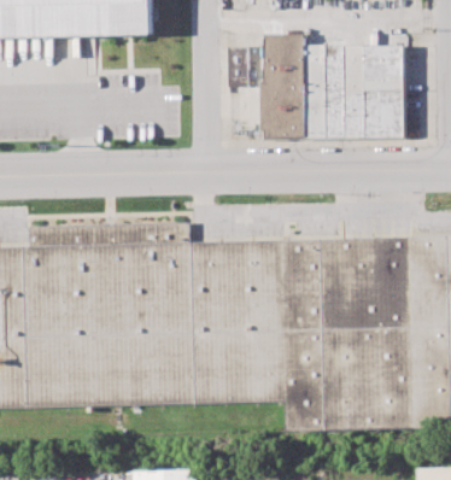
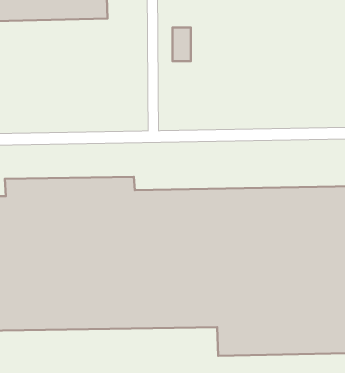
building: [264,33,404,135] -> none

